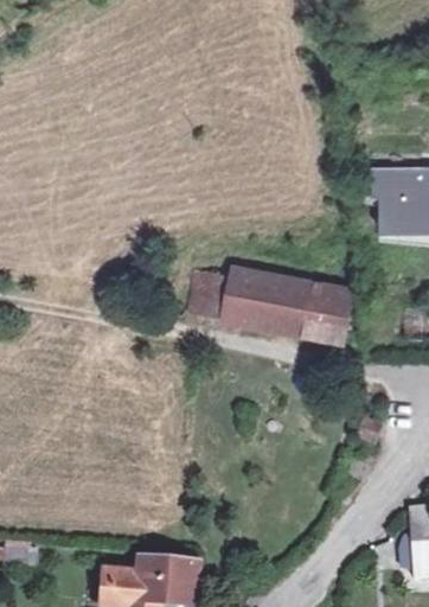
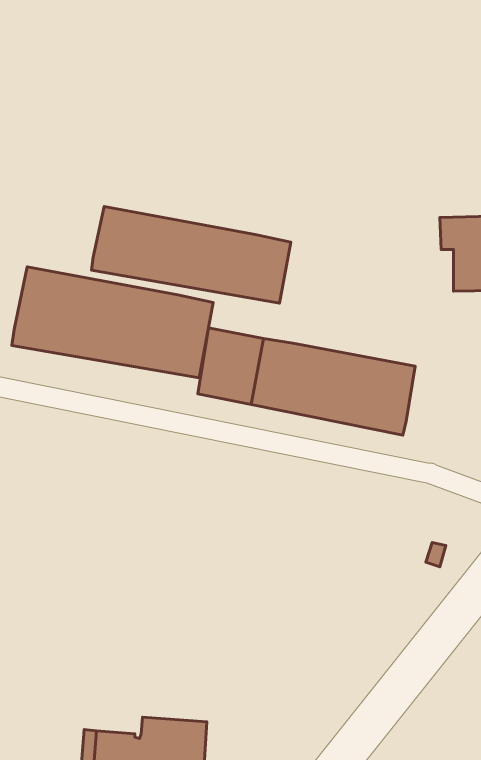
building: none -> [91,206,291,303]
building: none -> [12,267,213,378]

